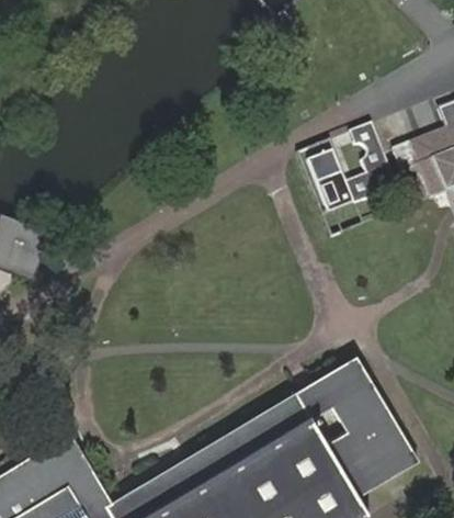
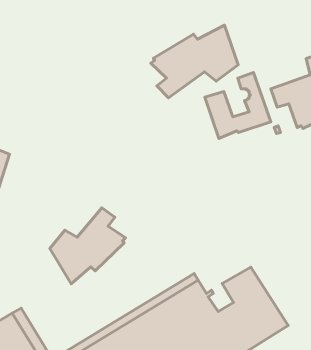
building: none -> [151,25,238,98]
building: none -> [50,208,125,284]
building: [295,356,371,418] -> none

